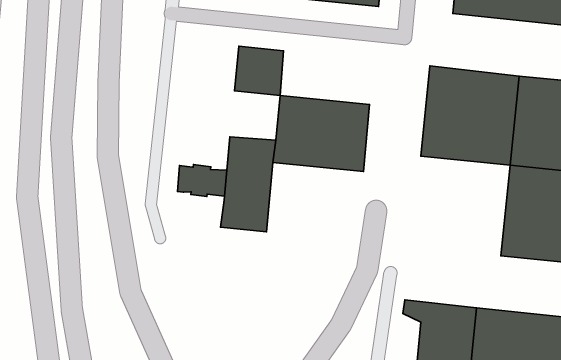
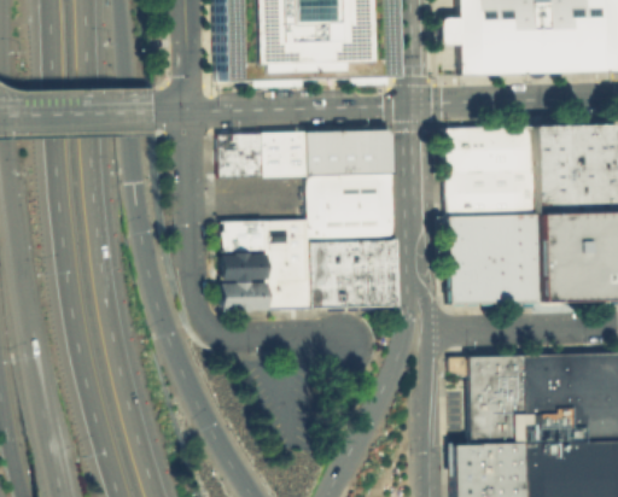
building: none -> [217,131,262,176]
building: none -> [304,128,393,174]
building: none -> [220,220,264,250]
building: none -> [449,212,538,303]
building: none -> [308,236,397,306]
building: none -> [220,281,266,309]

